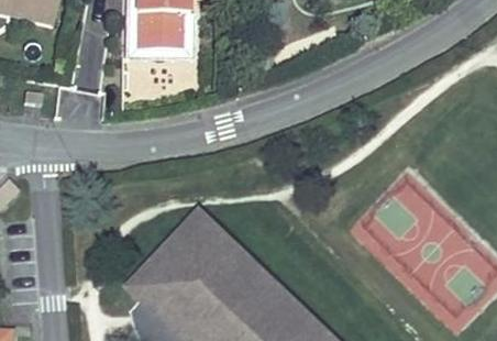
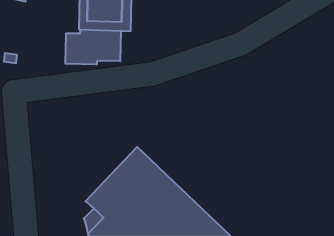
building: none -> [65,30,121,65]

